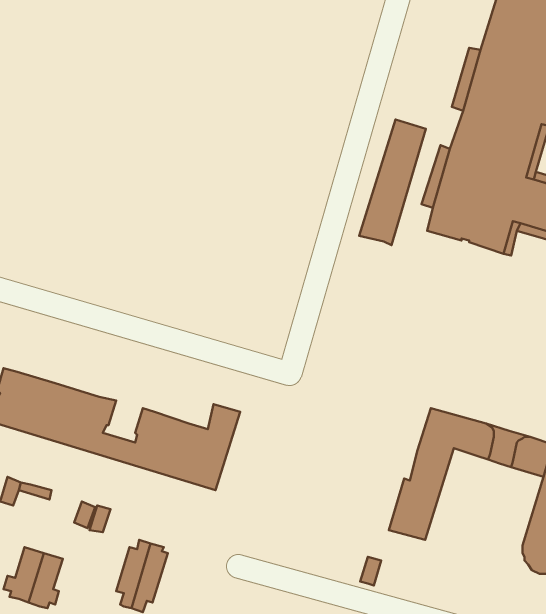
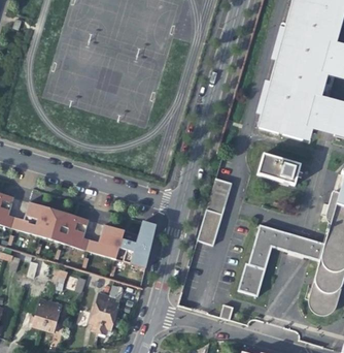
building: [359,119,426,245] -> [196,176,232,245]
building: none -> [257,153,300,183]

